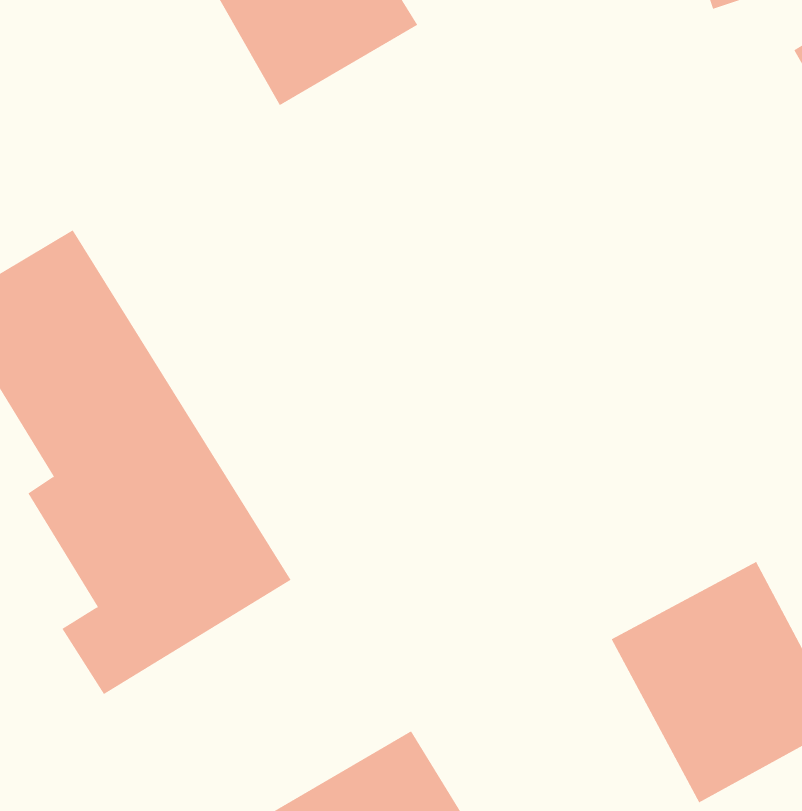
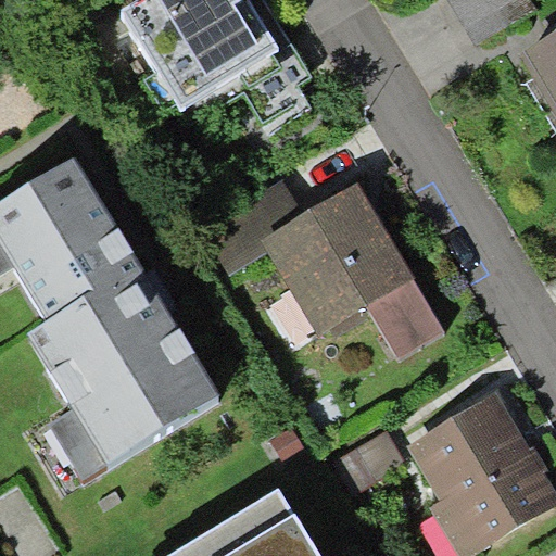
building: none -> [201,172,443,356]

